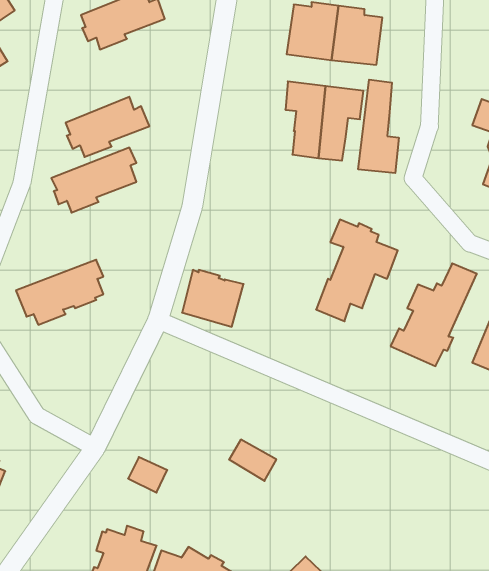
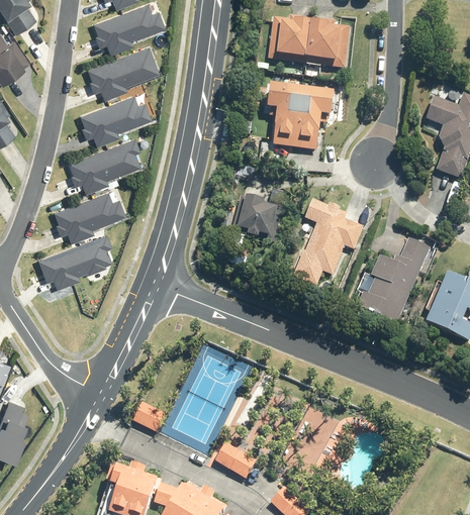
building: none -> [86,46,158,100]
building: [358,80,399,173] -> none
building: none -> [53,192,124,243]
building: [182,270,244,327] -> [231,195,284,243]
building: [229,440,276,481] -> [215,444,256,480]

